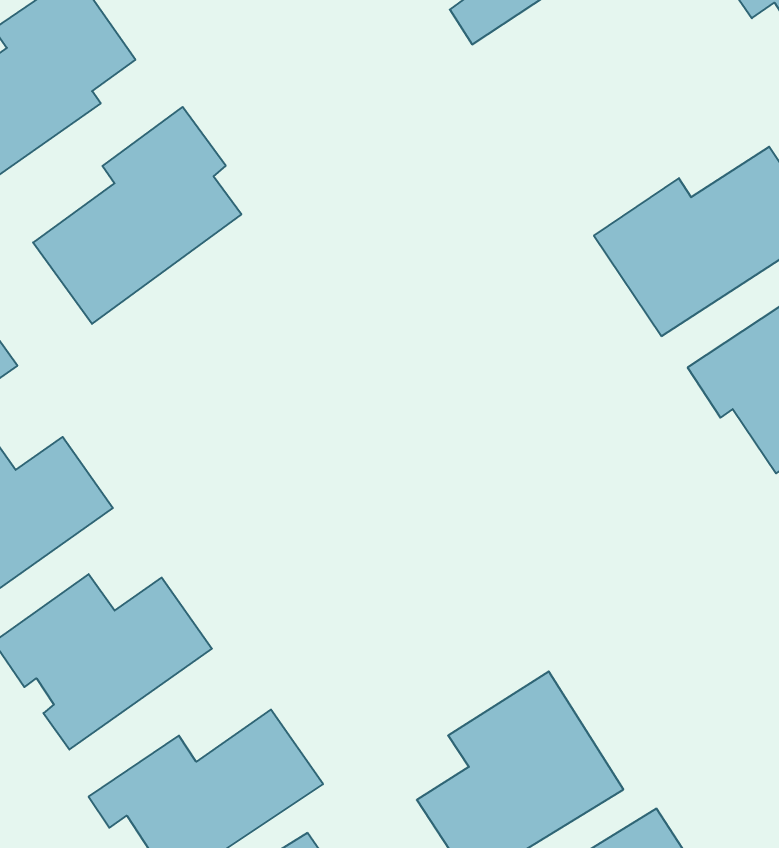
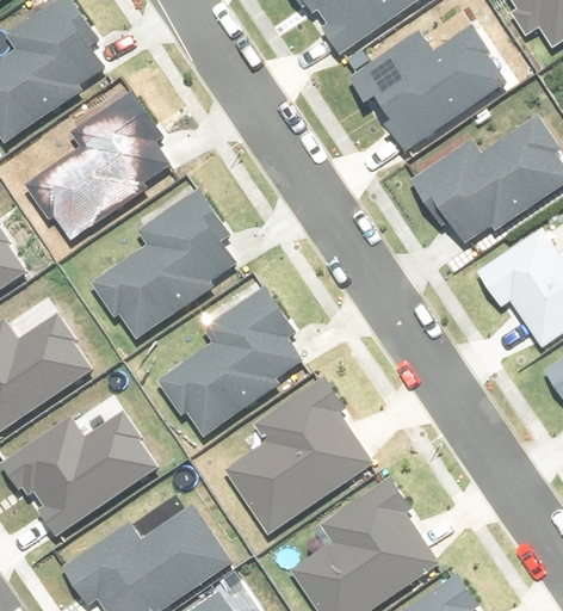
building: none -> [349,32,497,148]
building: none -> [91,193,235,340]
building: none -> [161,291,313,438]
building: none -> [228,381,375,533]

